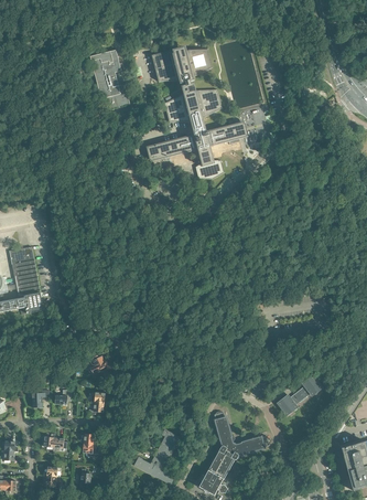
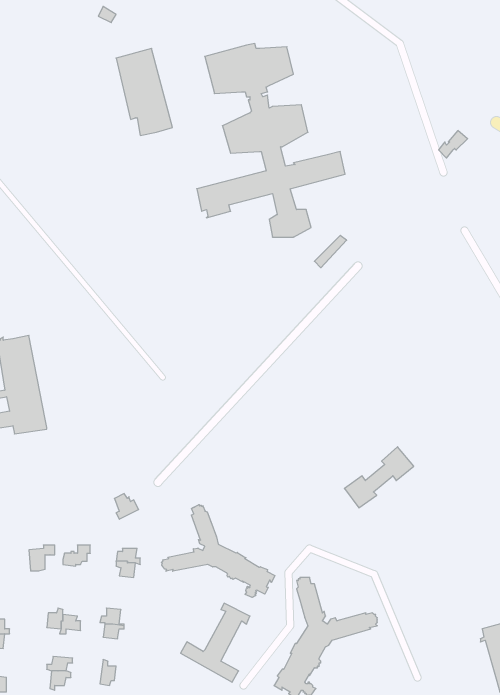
building: none -> [161,505,275,597]
building: [276,374,323,416] -> [344,447,414,508]

